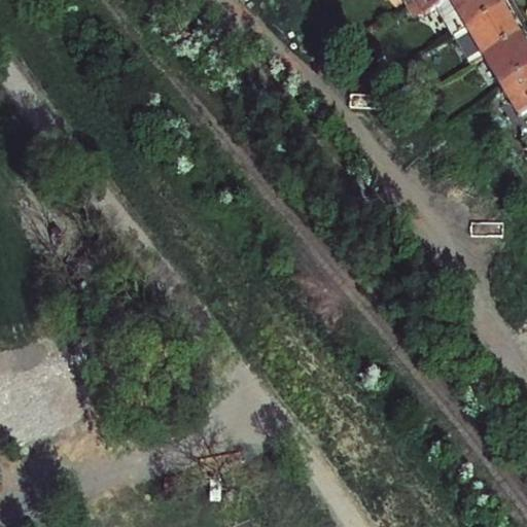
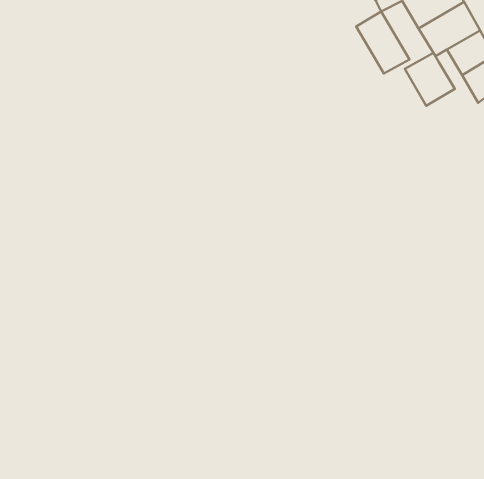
building: none -> [356,11,409,73]
building: none -> [405,53,455,106]

